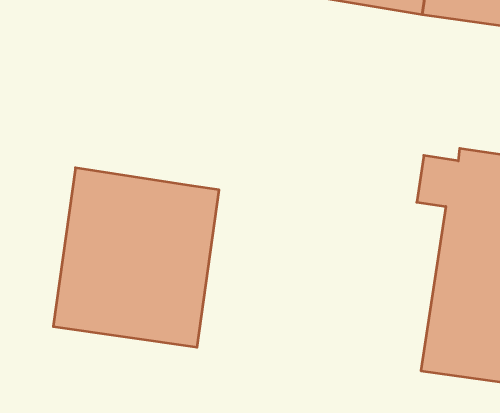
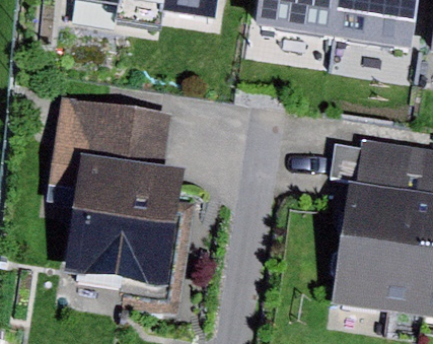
building: none -> [72,99,171,164]

